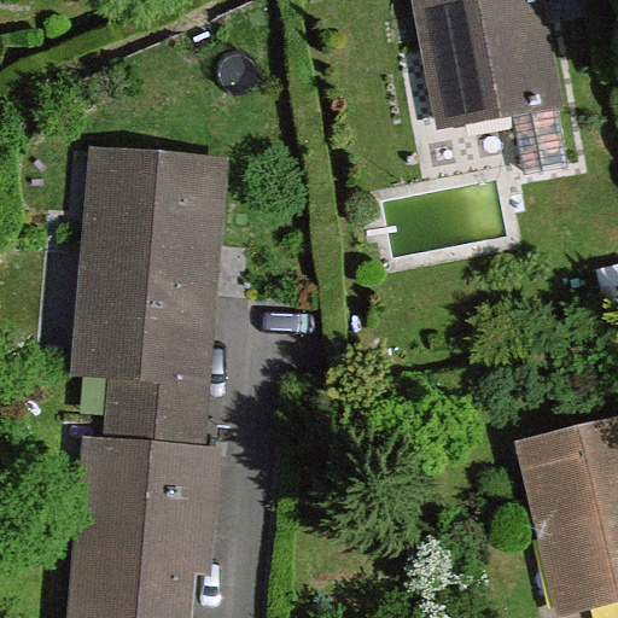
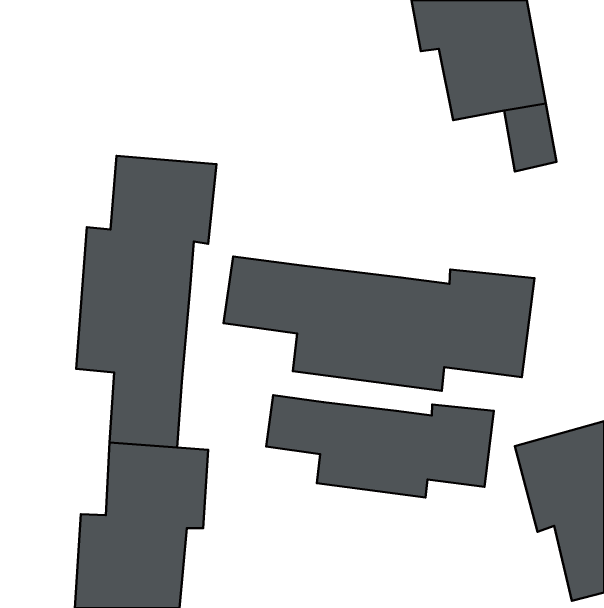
building: none -> [224,256,534,391]
building: none -> [266,395,494,498]

